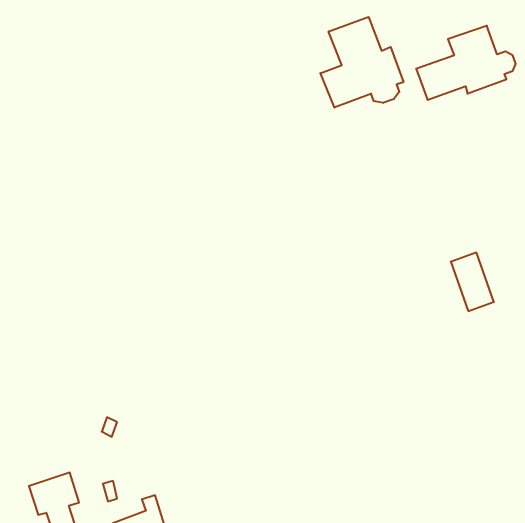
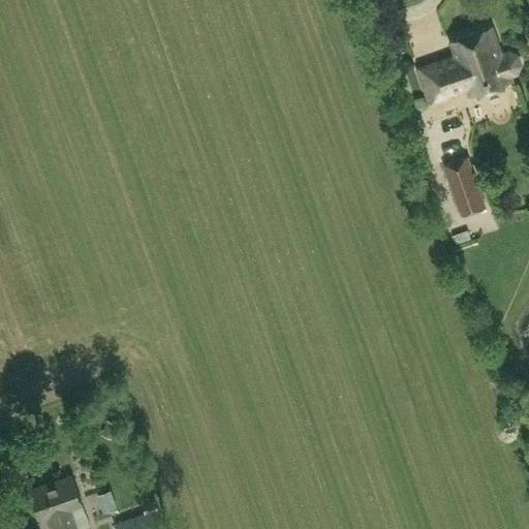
building: [320,17,403,108] -> none
building: [451,253,494,311] -> [442,158,486,217]

